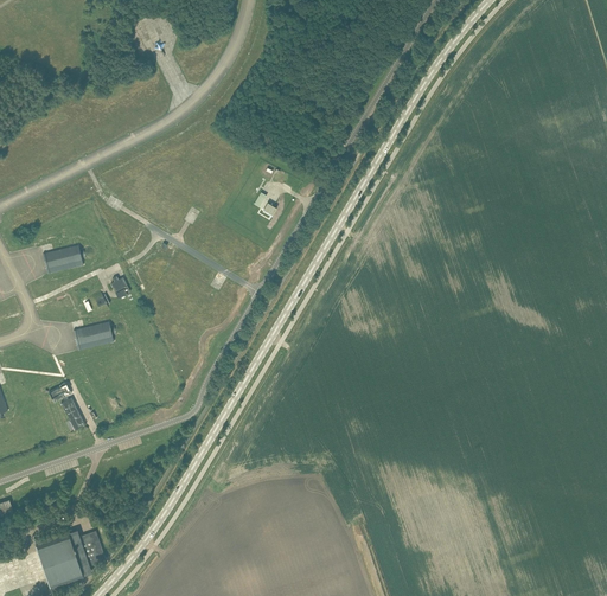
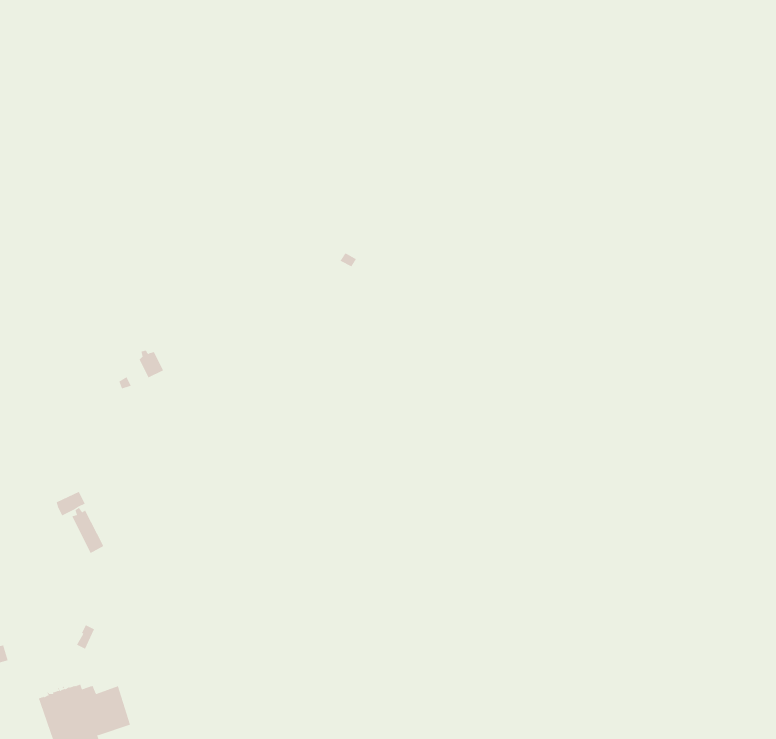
building: [41,244,85,273] -> none
building: [72,321,115,350] -> none

